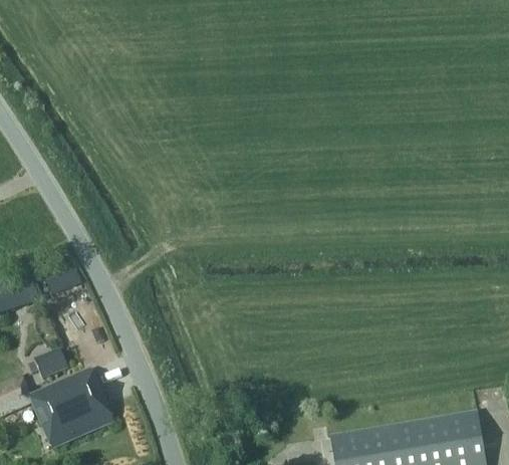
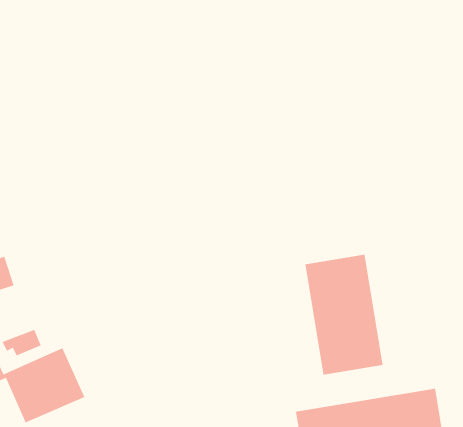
building: none -> [305,254,383,376]

